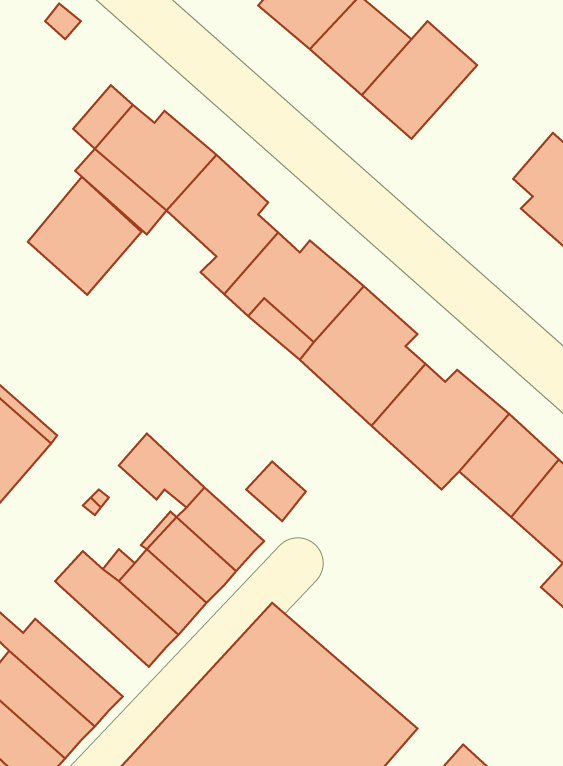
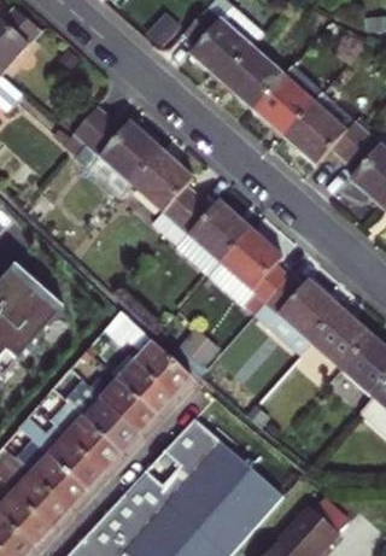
building: none -> [279,89,364,164]
building: [28,177,142,295] -> none
building: none -> [48,404,119,472]

